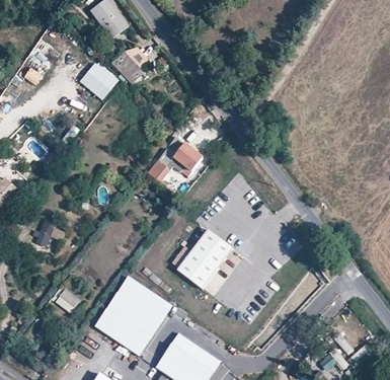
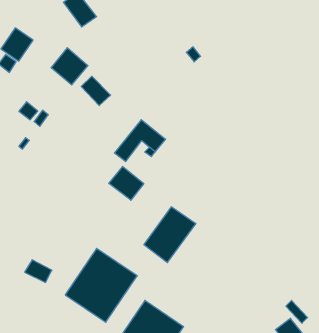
building: [111,53,143,84] -> [81,76,111,106]
building: none -> [109,166,144,200]
building: [33,220,67,246] -> none

